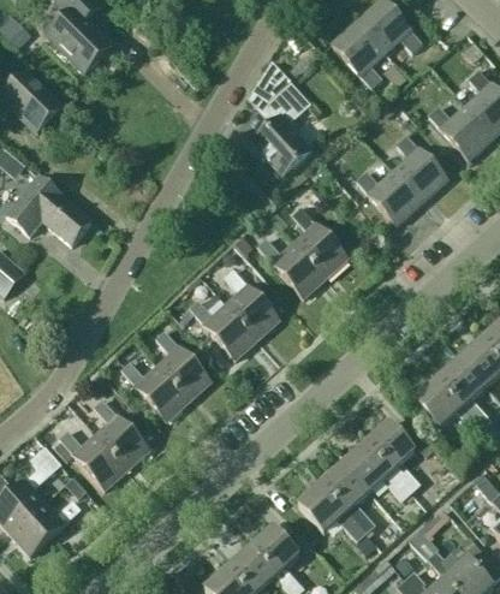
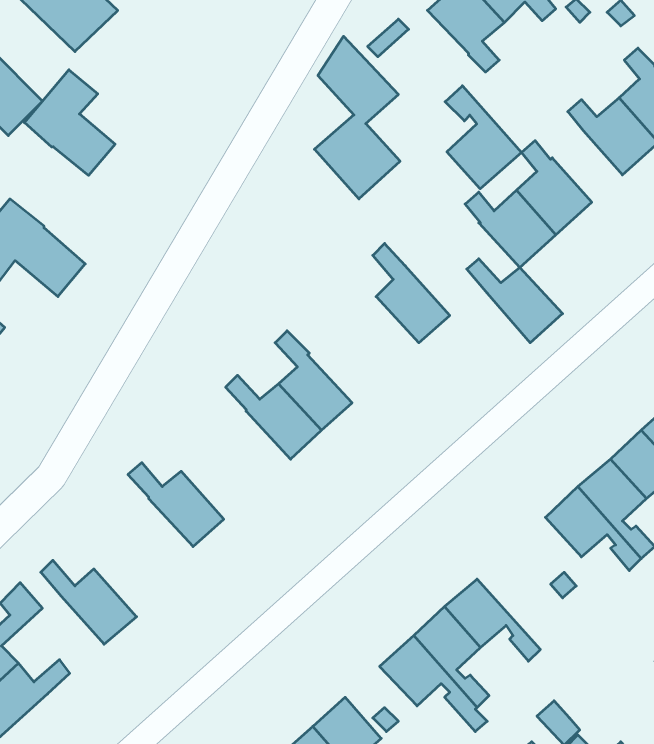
building: none -> [24,70,115,175]
building: none -> [445,86,522,189]
building: [257,238,325,297] -> [467,259,563,343]
building: [155,329,210,400] -> none
building: [93,399,148,469] -> none
building: [365,421,419,492] -> none

